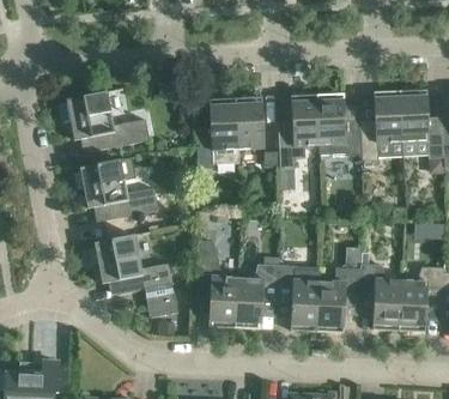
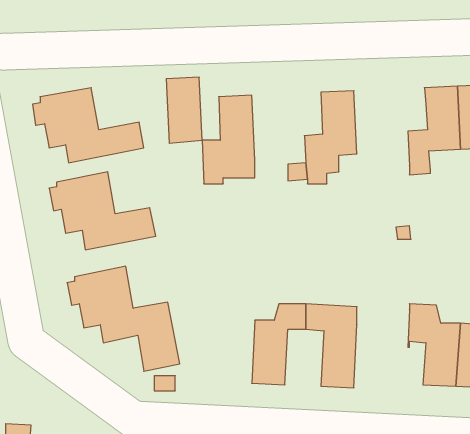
building: [317,92,362,156] -> none
building: [236,96,265,149] -> [166,77,202,143]
building: [196,240,238,327] -> none
building: [317,266,362,332] -> none

